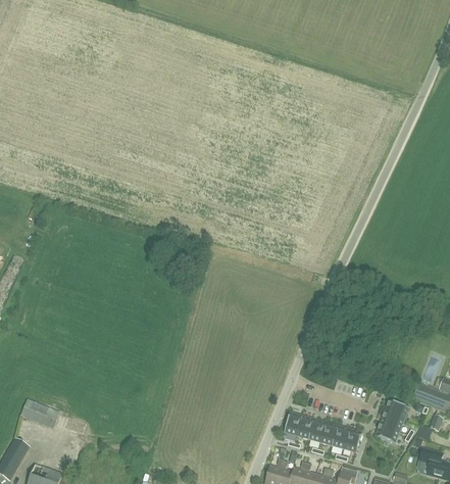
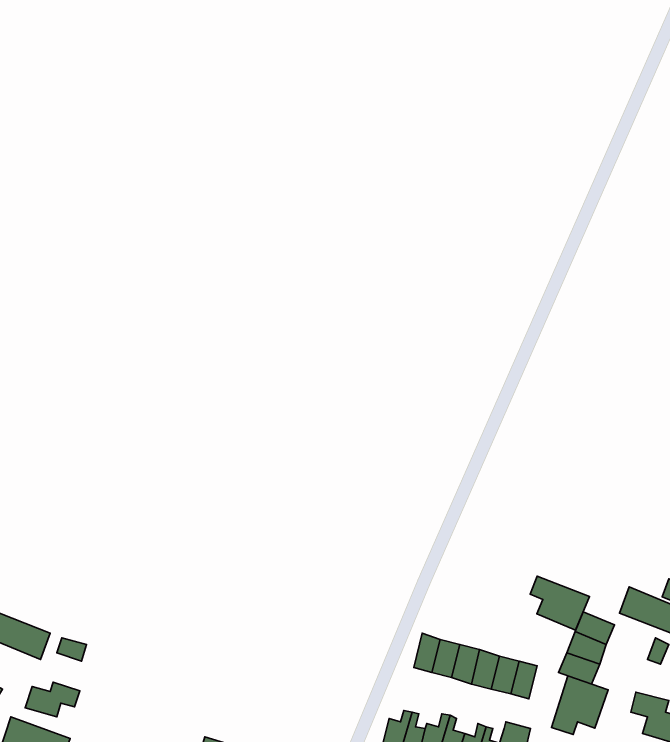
building: none -> [530,576,590,630]
building: none -> [552,676,608,735]
building: none -> [25,682,80,717]

